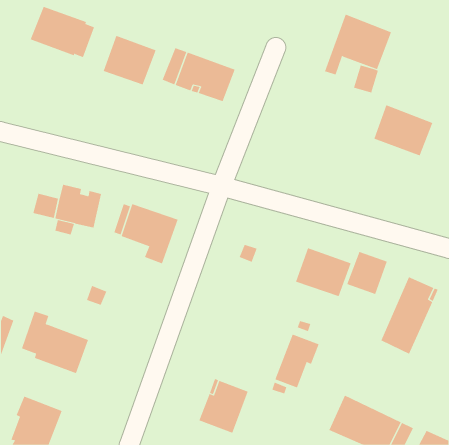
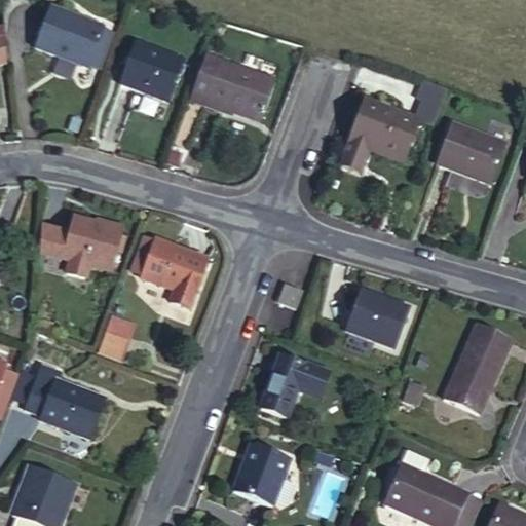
building: [324,14,392,75] -> [340,97,419,168]
building: [347,251,387,295] -> none
building: [275,334,319,388] -> [260,354,312,418]

